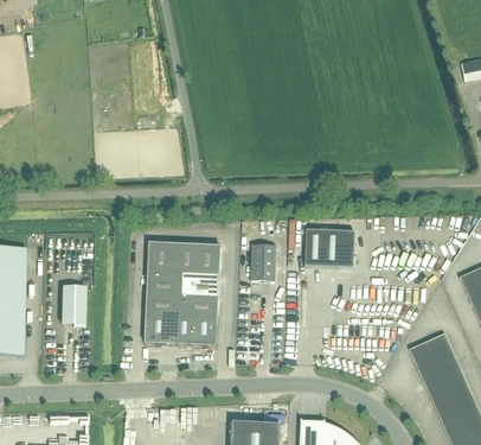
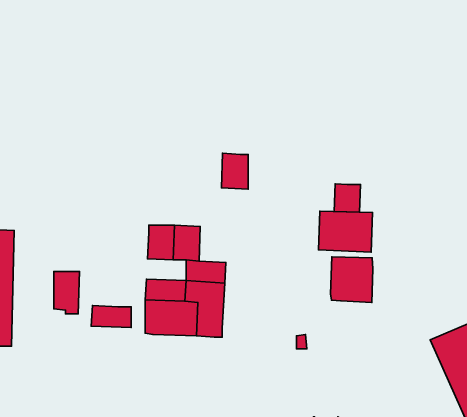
building: none -> [334,184,360,212]
building: [195,243,220,276] -> [221,153,248,189]
building: [251,243,276,280] -> none
building: none -> [331,257,373,302]
building: [147,273,184,293] -> [91,306,131,327]

